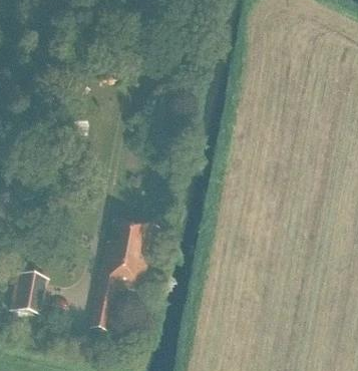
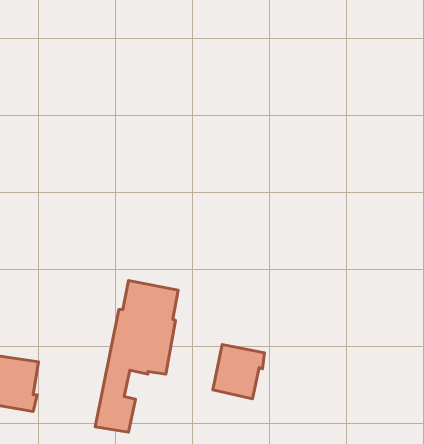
building: none -> [213,344,264,399]

